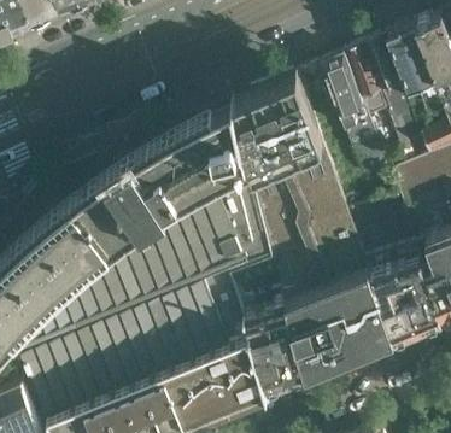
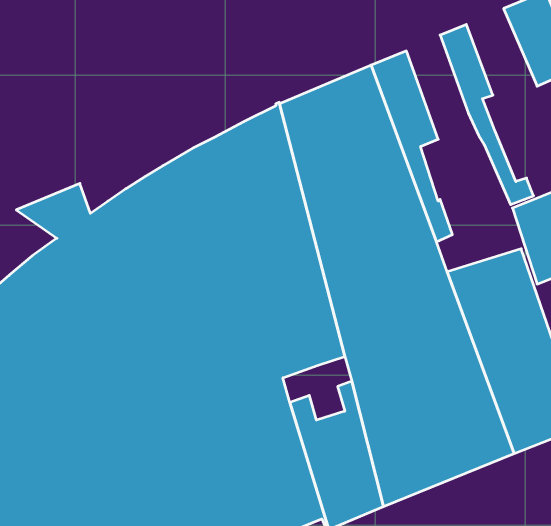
building: [361,43,408,127] -> none
building: [320,59,373,145] -> none

